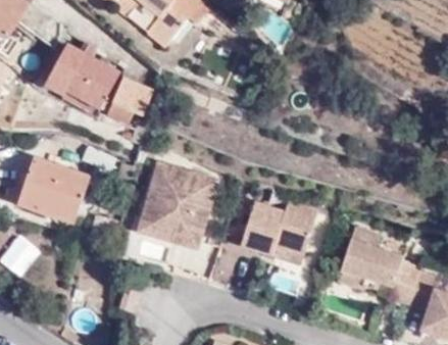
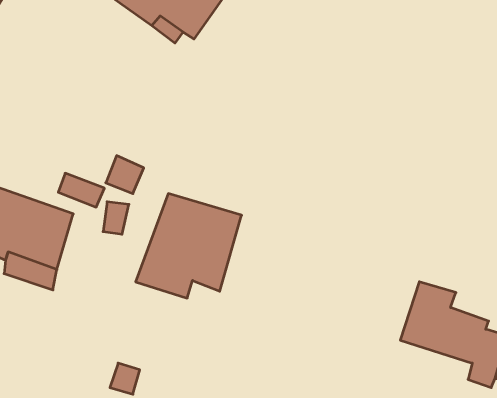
building: [46,45,116,107] -> none
building: [107,79,151,126] -> none
building: [242,199,315,260] -> none

